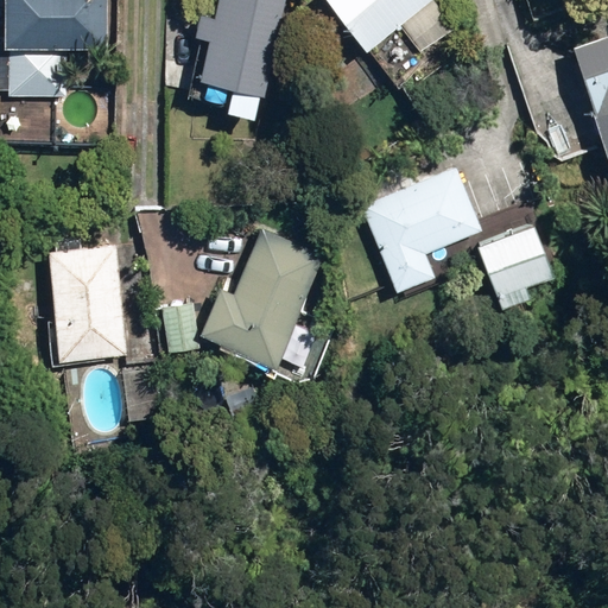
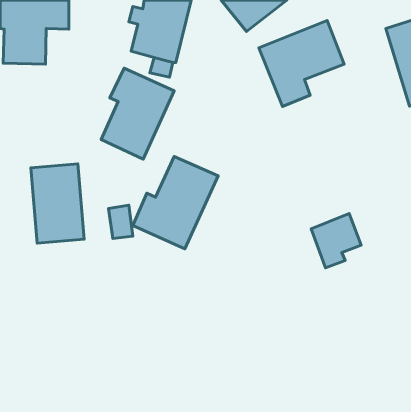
building: none -> [101,68,174,159]
building: [359,166,483,292] -> [259,20,344,106]
building: [477,226,551,305] -> [311,213,361,268]

